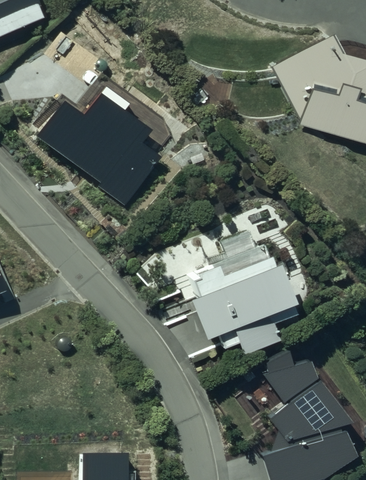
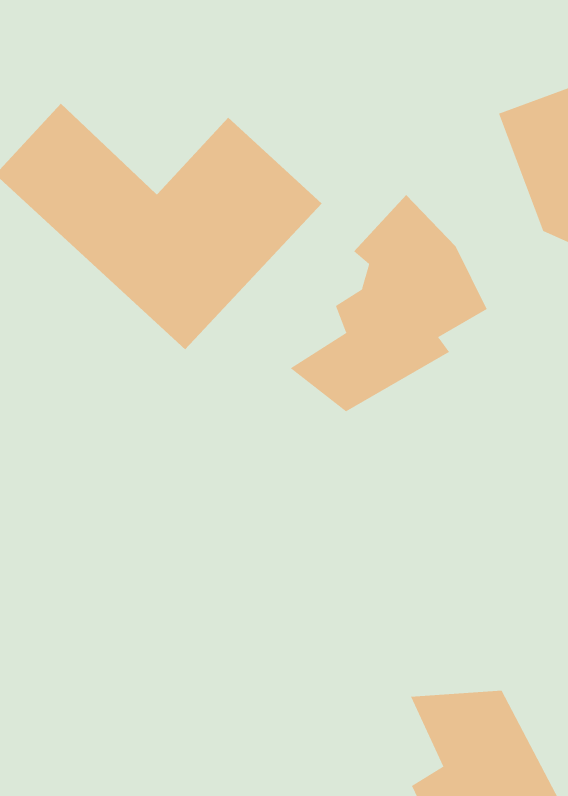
building: none -> [289,194,488,412]
building: [189,235,298,350] -> none

